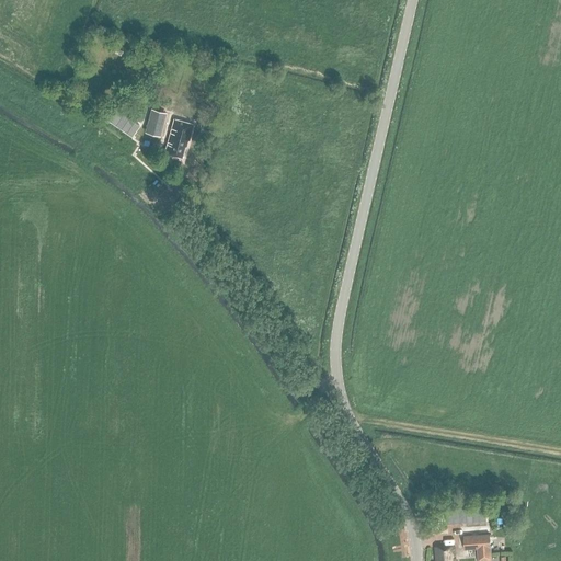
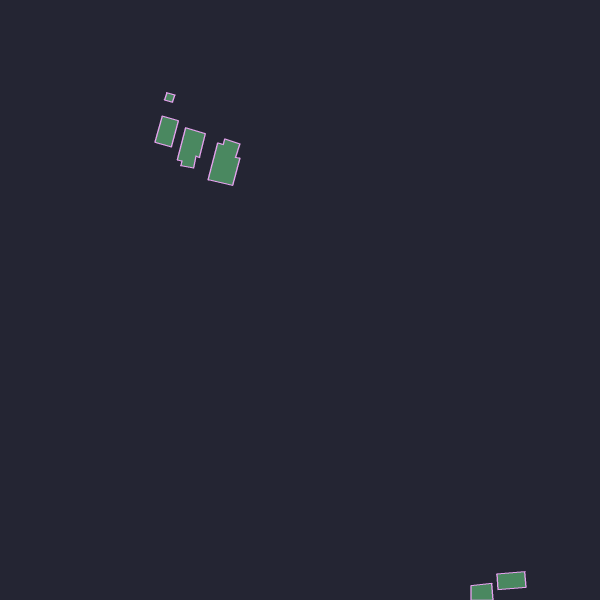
building: none -> [208,139,240,185]

